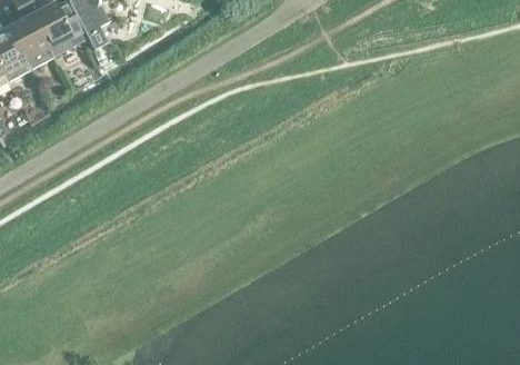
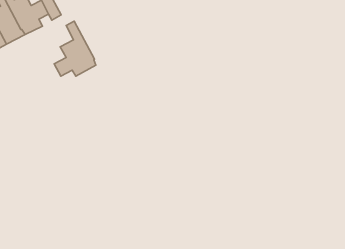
building: none -> [54,21,96,76]

